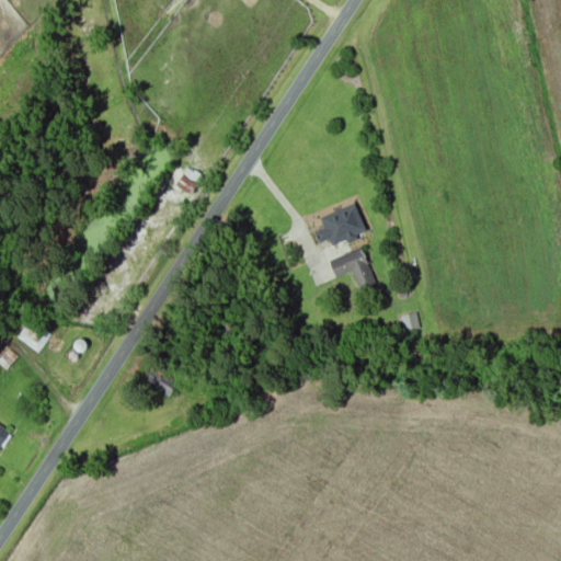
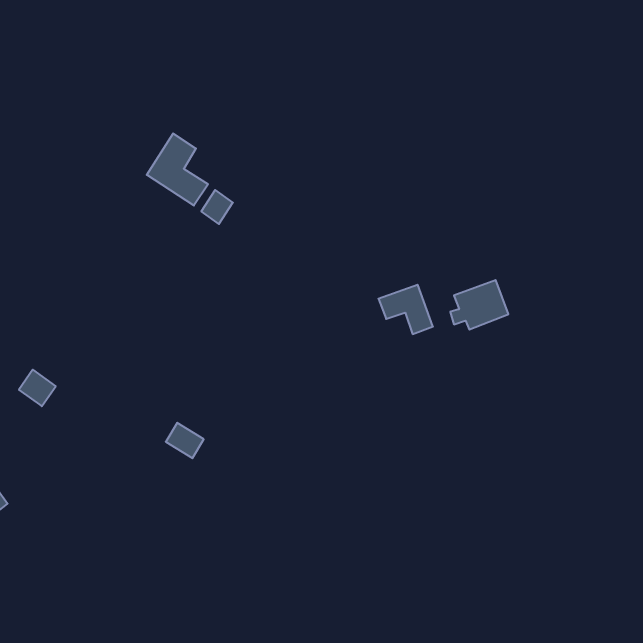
building: none -> [147,133,208,206]
building: [314,203,365,245] -> [450,280,508,330]

